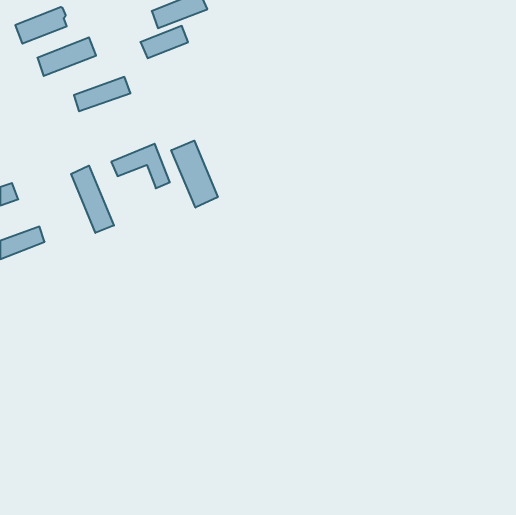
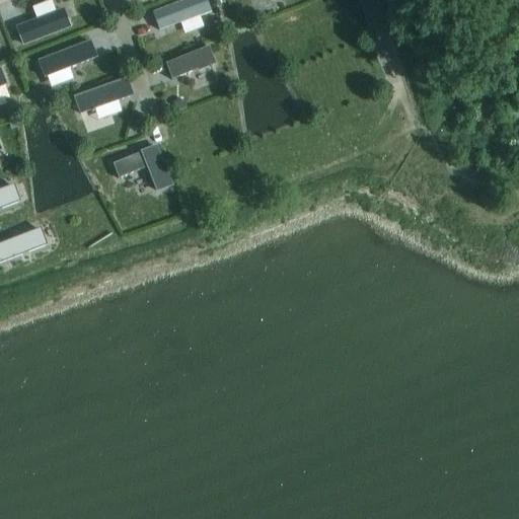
building: [140,26,188,58] -> [165,46,213,78]
building: [171,141,218,208] -> none
building: [71,166,114,233] -> none

